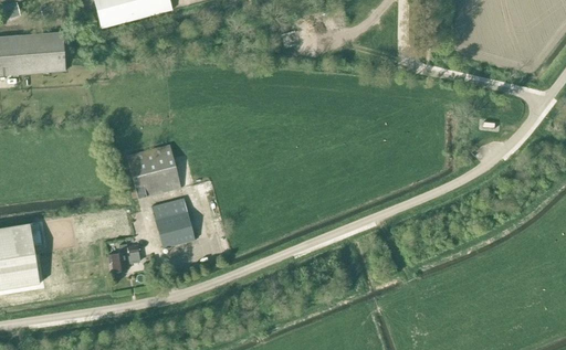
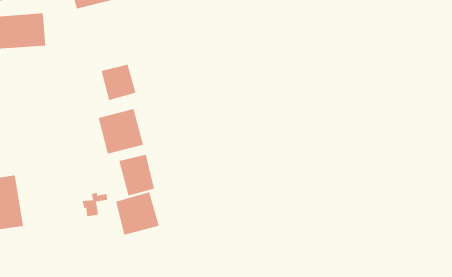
building: none -> [101,64,136,101]
building: none -> [116,191,159,235]

